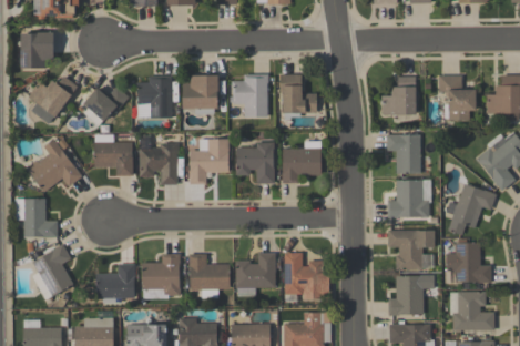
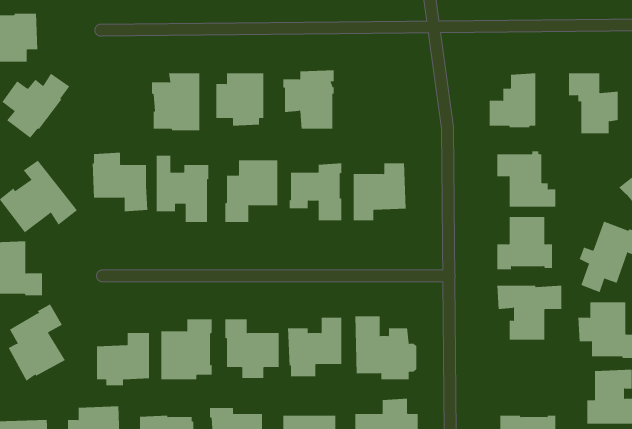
building: [281,74,316,120] -> none
building: [84,85,130,125] -> none
building: [388,275,434,315] -> none

